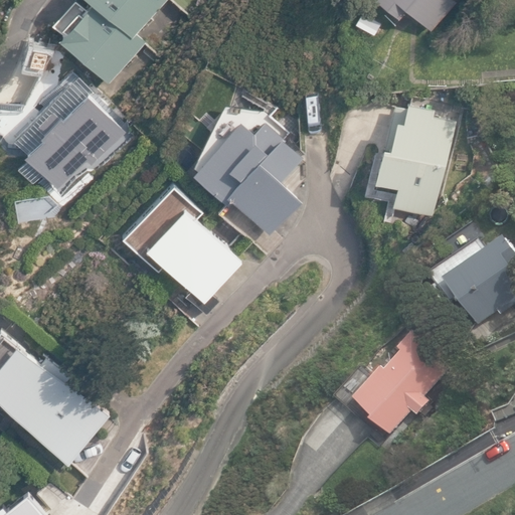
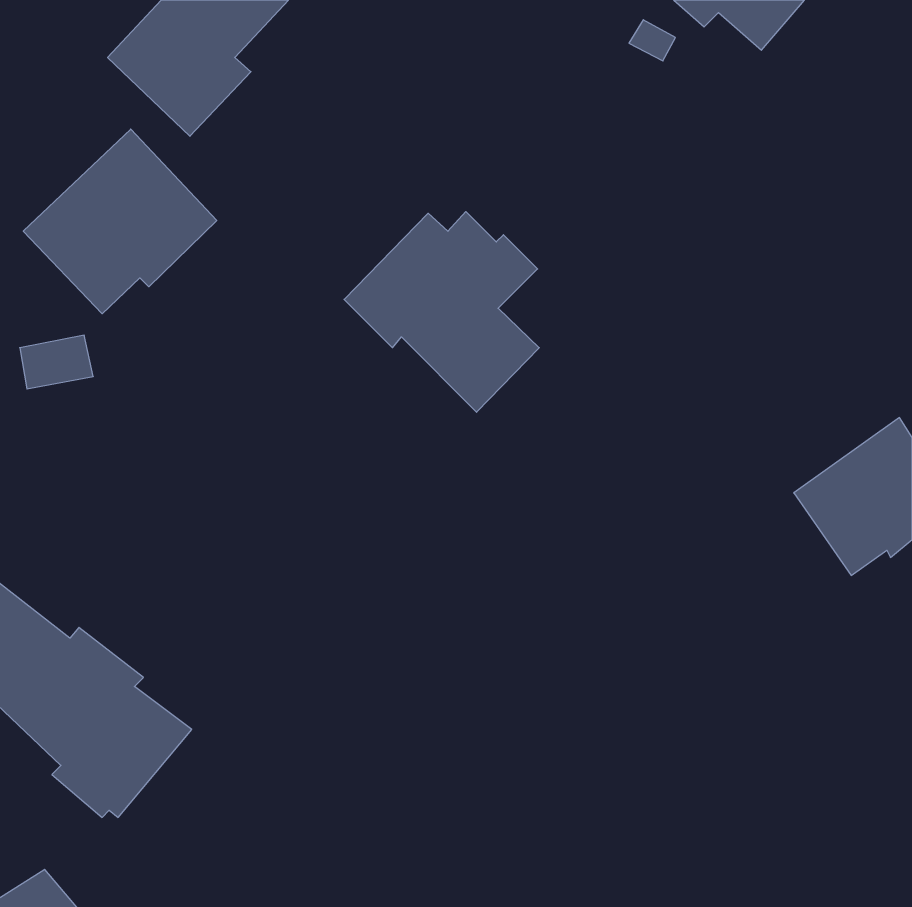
building: [372,100,451,213] -> none
building: [121,184,239,316] -> none
building: [337,334,452,445] -> none

